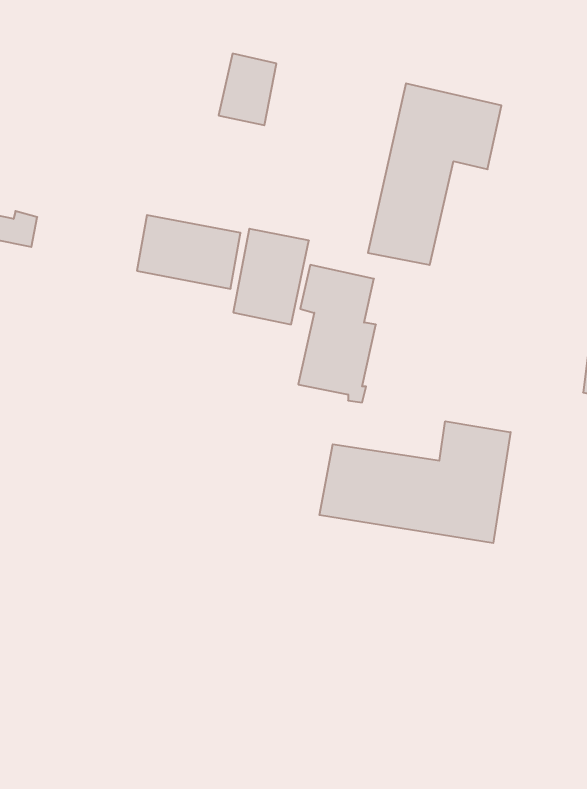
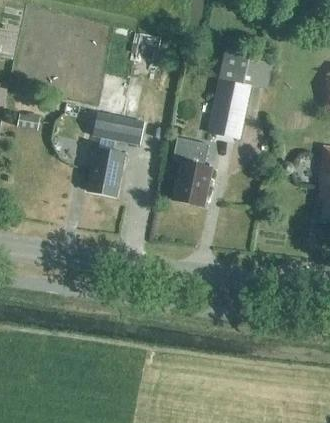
building: [233,229,309,324] -> [91,149,129,197]
building: [319,421,511,543] -> none

